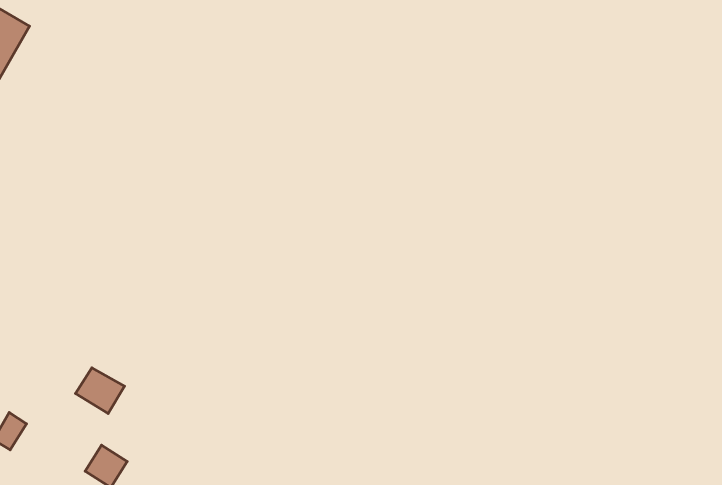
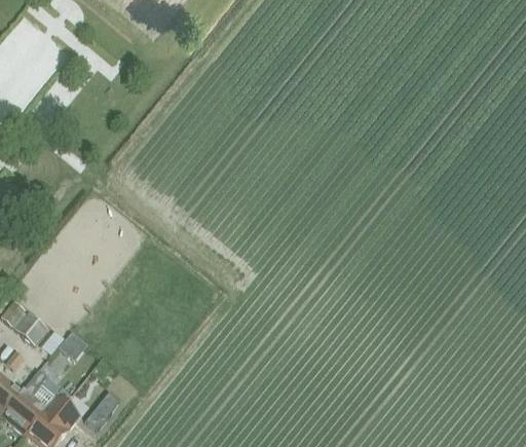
building: [76,368,124,414] -> [14,313,47,345]

